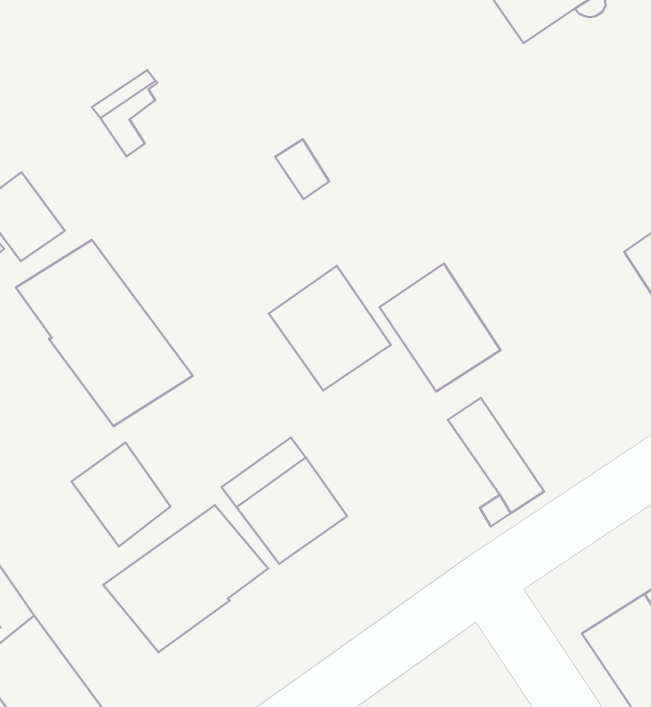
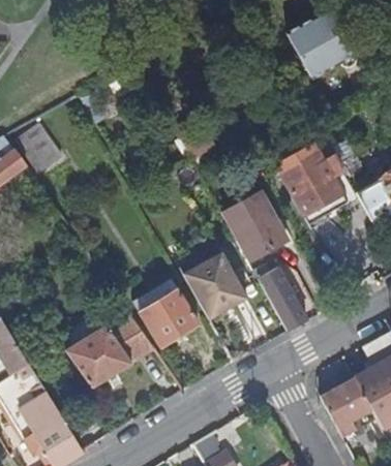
building: none -> [280,152,342,215]
building: [16,240,193,426] -> none
building: [269,266,391,390] -> [183,253,247,319]
building: [72,442,171,546] -> none

